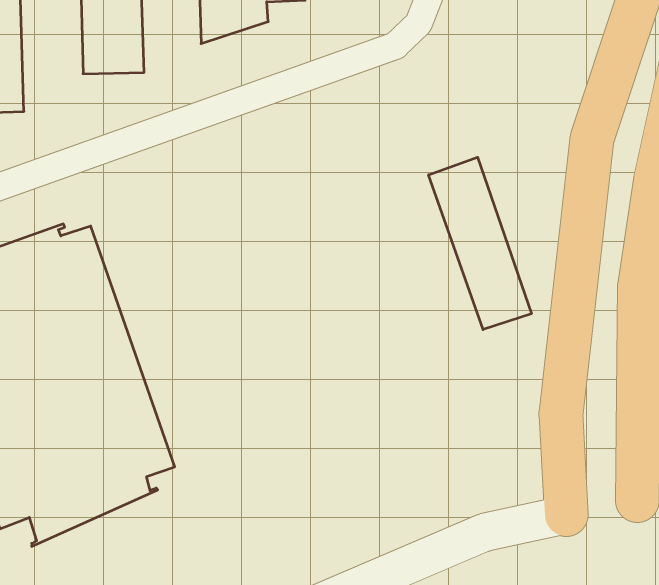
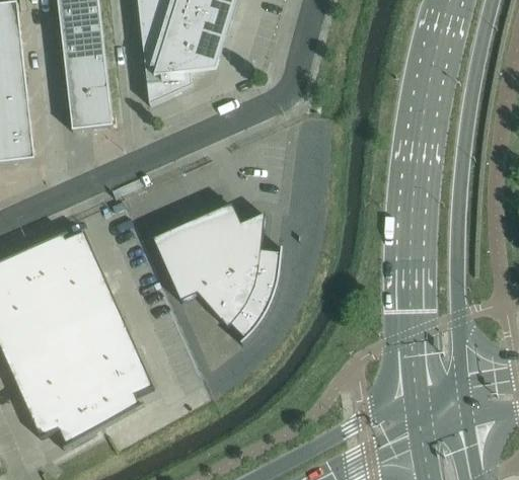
building: [429,157,531,330] -> none
building: none -> [152,202,282,341]

